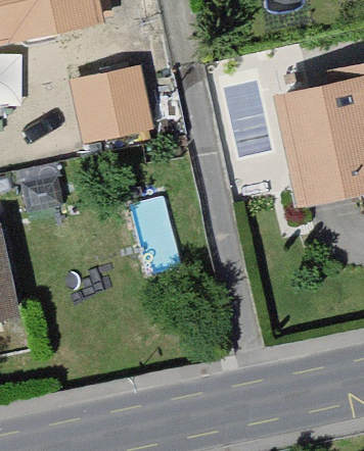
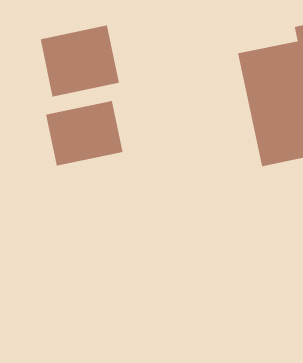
building: none -> [45,100,123,167]

